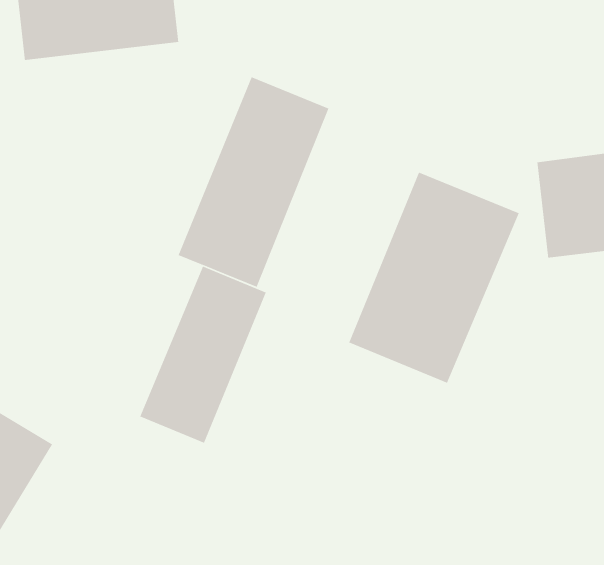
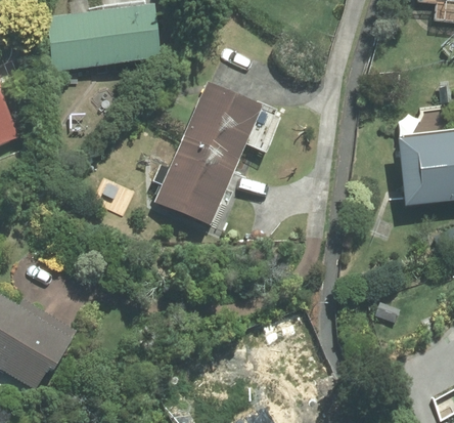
building: [348,171,520,384] -> none
building: [139,266,267,444] -> none

